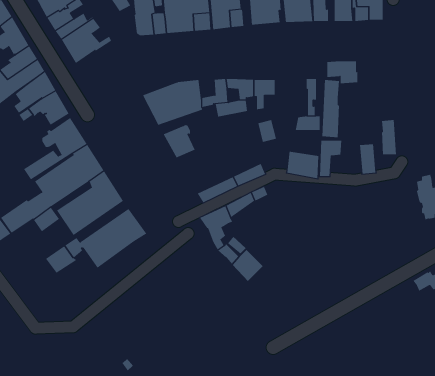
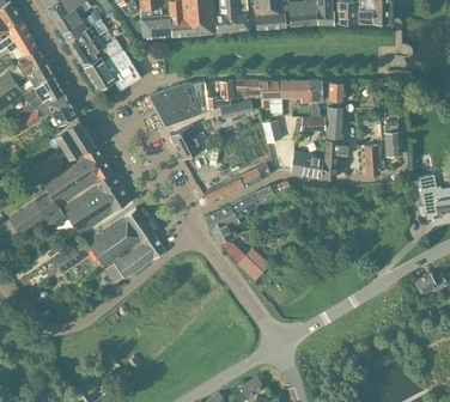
building: none -> [84,43,140,90]
building: [327,61,358,84] -> [280,80,311,103]
building: none -> [103,233,165,285]

